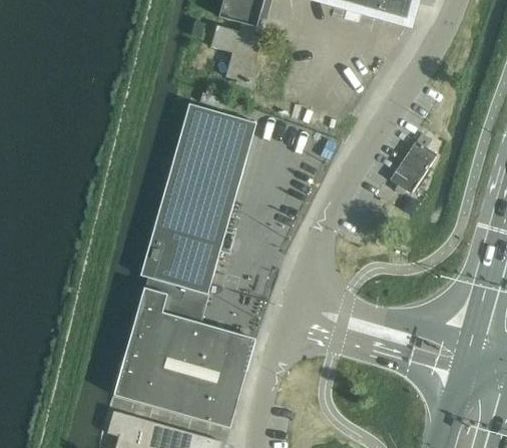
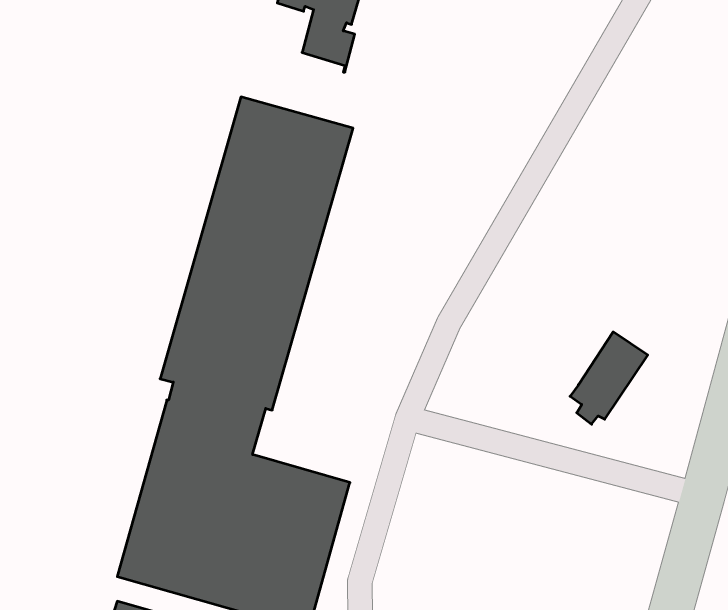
building: [390,139,437,195] -> [570,332,648,424]

